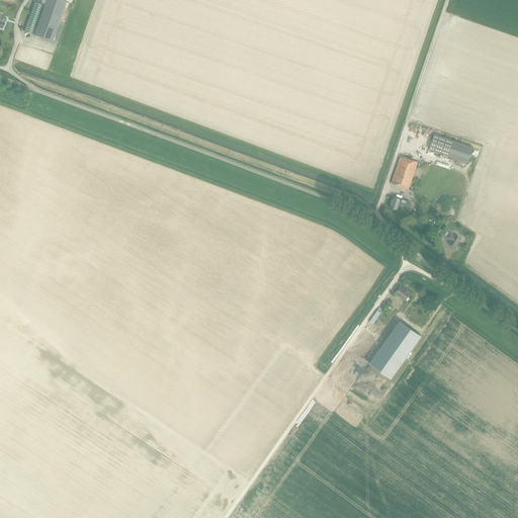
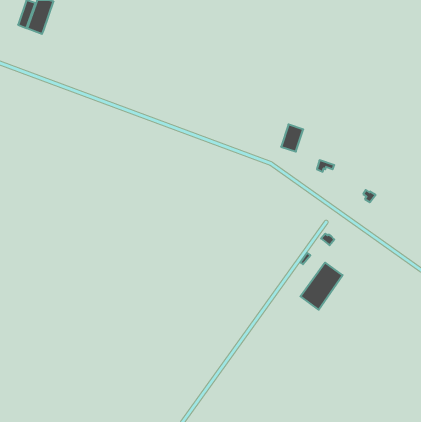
building: [428,135,471,162] -> none
building: [390,156,417,189] -> [281,124,303,152]

